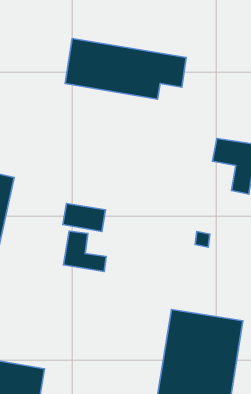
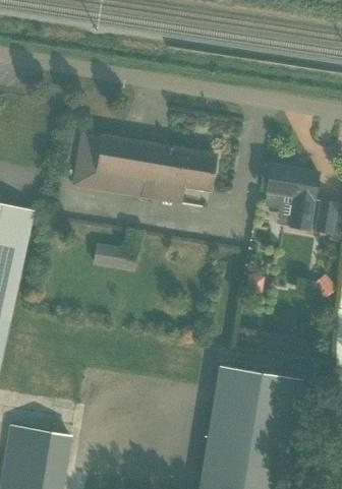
building: [65,38,186,99] -> [74,132,216,203]
building: [64,231,106,271] -> none

